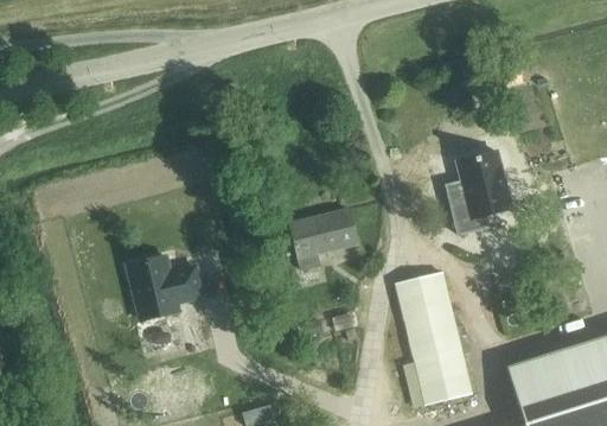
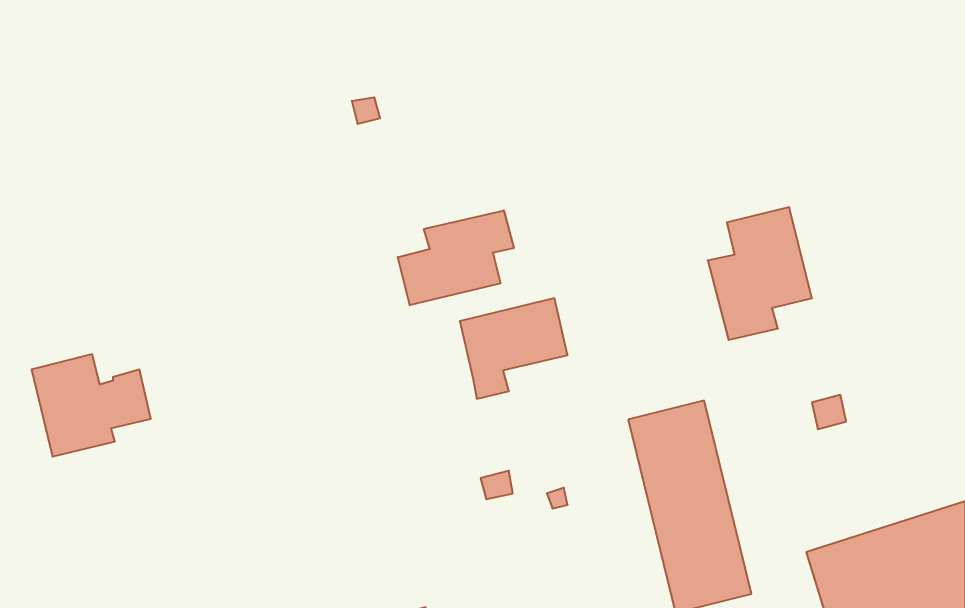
building: none -> [398,210,514,305]
building: [128,242,203,306] -> [32,354,151,457]

